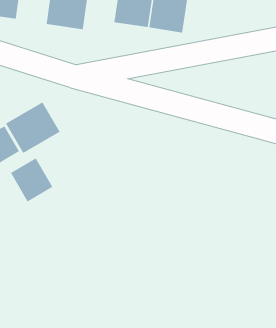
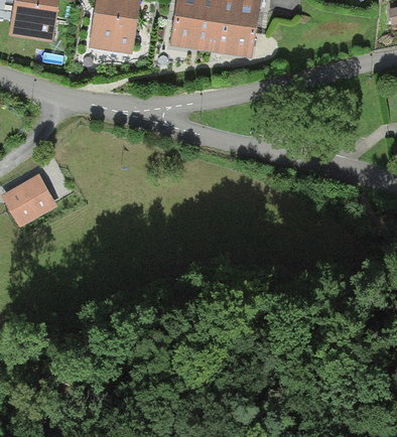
building: [5,101,61,154] -> none
building: [10,157,53,202] -> none

